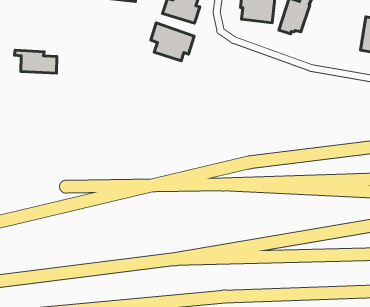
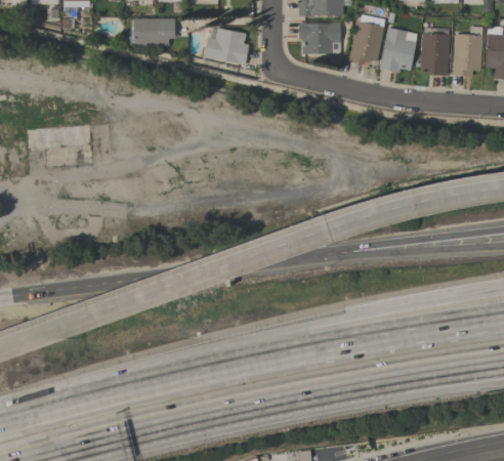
building: none -> [379,27,417,73]
building: none -> [420,27,450,75]
building: [151,23,194,61] -> none

